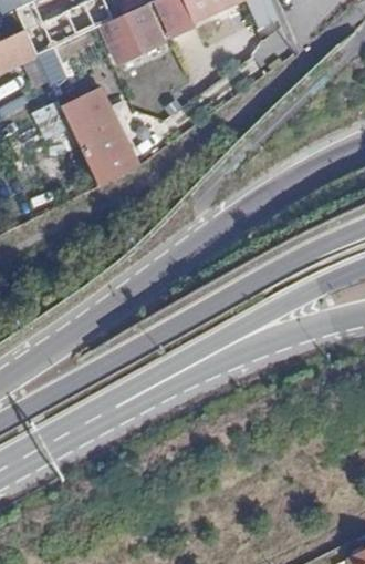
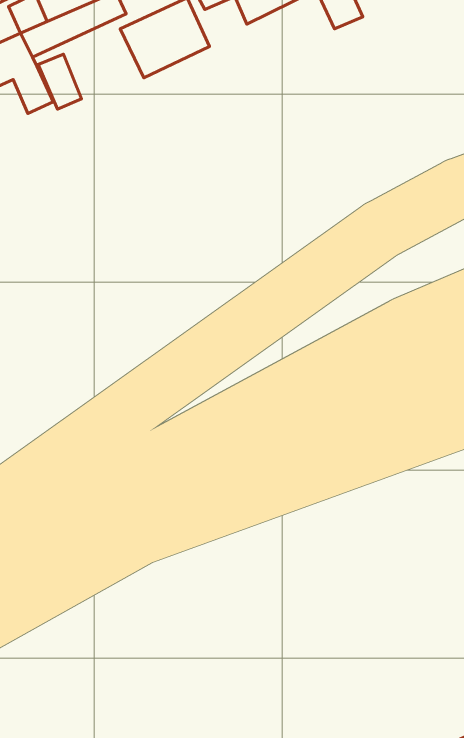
building: [61,85,139,185] -> none

